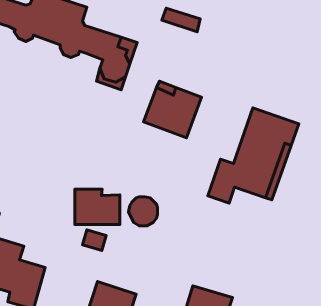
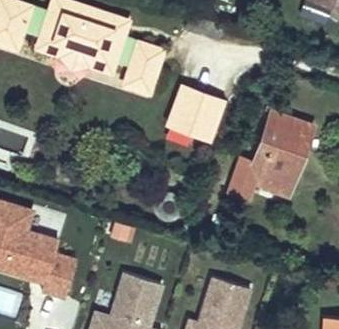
building: none -> [38,34,114,72]
building: [75,189,120,225] -> none

